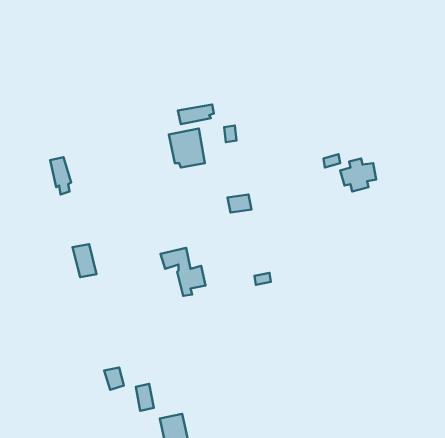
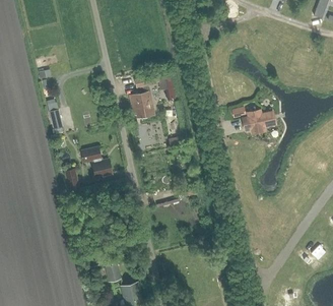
building: [161,248,206,296] -> [81,147,112,180]

